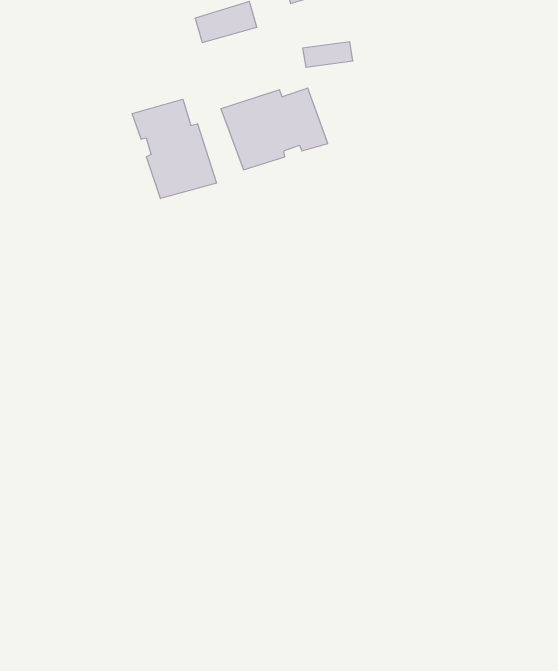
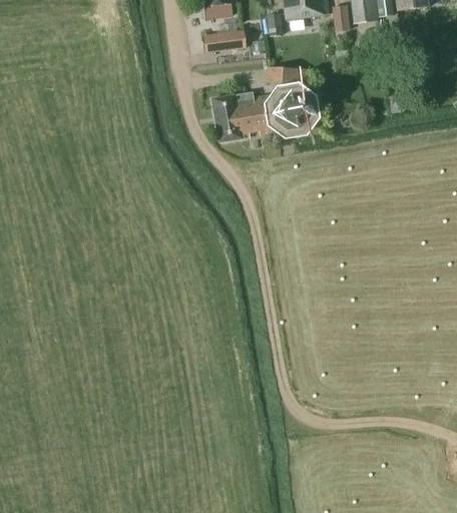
building: none -> [275,94,307,126]
building: [132,99,217,199] -> none

